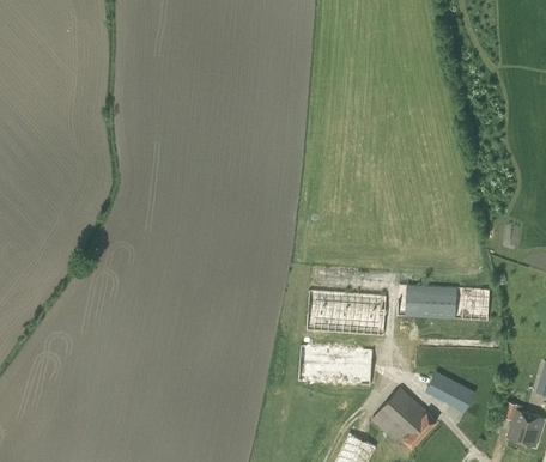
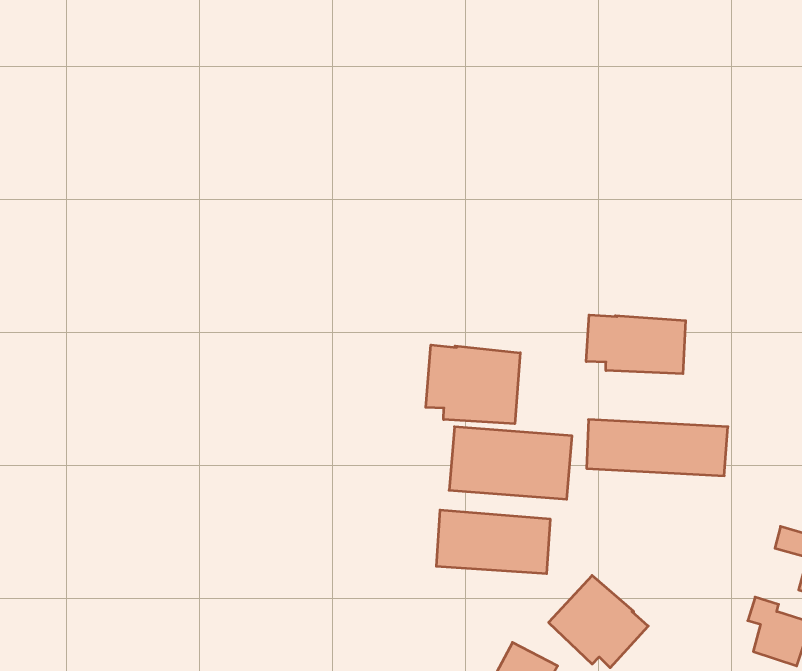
building: none -> [586,315,686,374]
building: none -> [426,345,520,424]
building: [425,370,481,418] -> none

